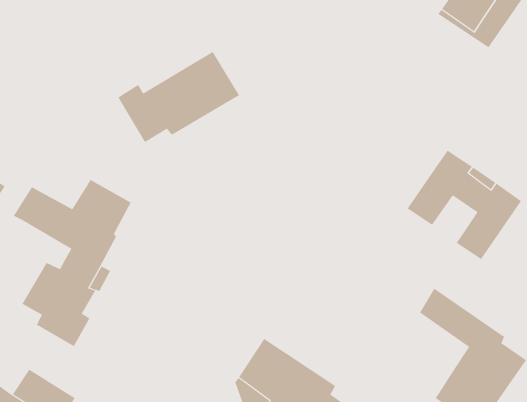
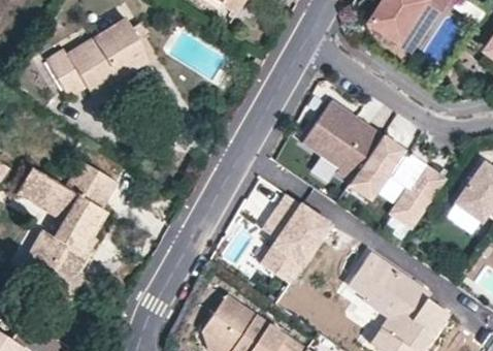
building: [118,51,240,143] -> [45,19,149,96]
building: none -> [301,100,382,182]
building: none -> [256,191,331,283]
building: none -> [349,273,399,319]

